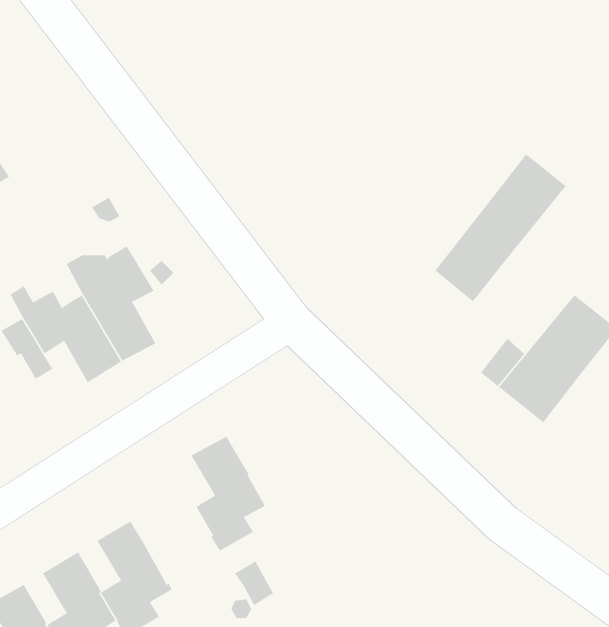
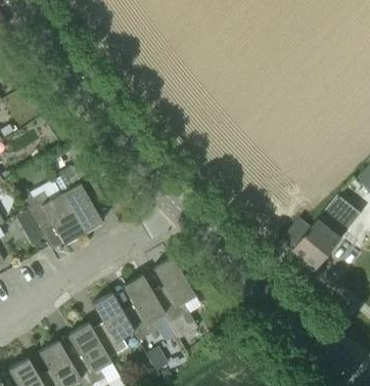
building: [434,154,567,302] -> none
building: none -> [151,256,196,338]
building: none -> [91,292,133,358]

